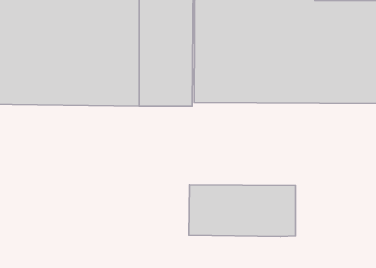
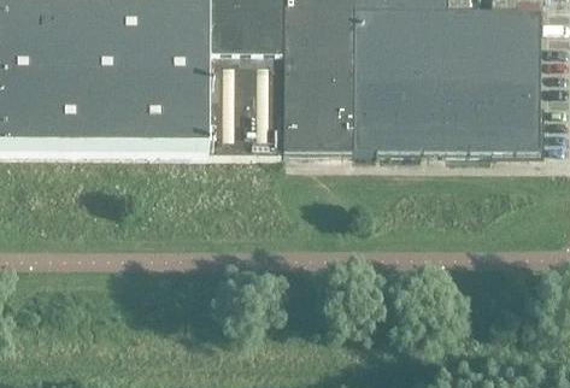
building: [189,185,296,236] -> none

